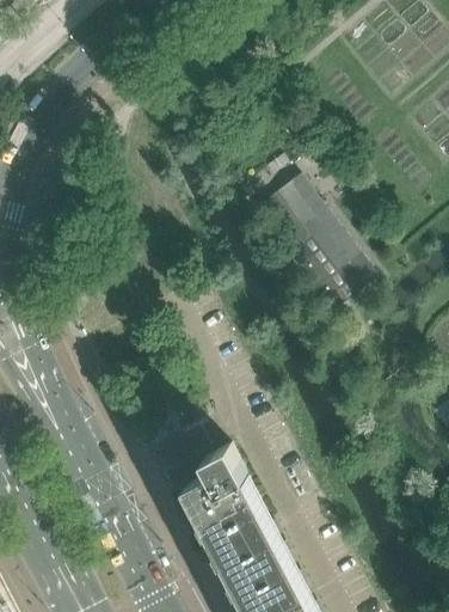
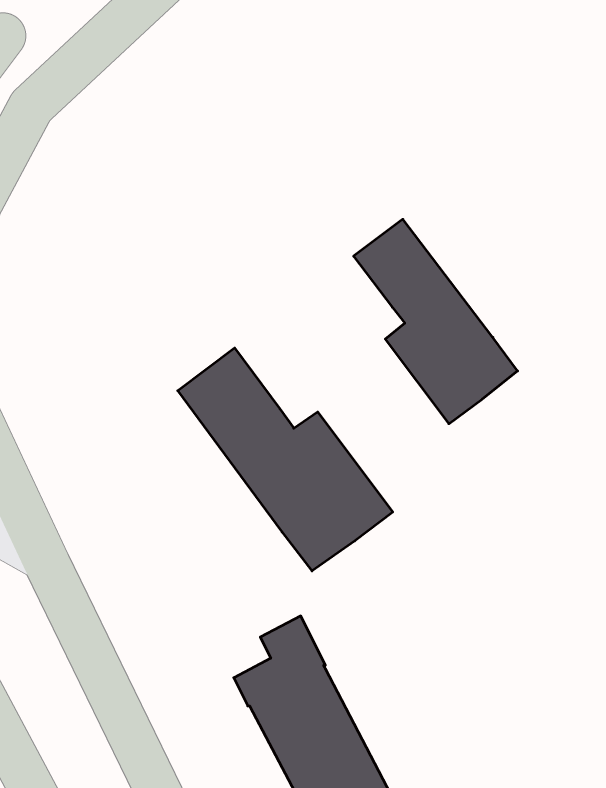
building: none -> [178,348,393,571]

